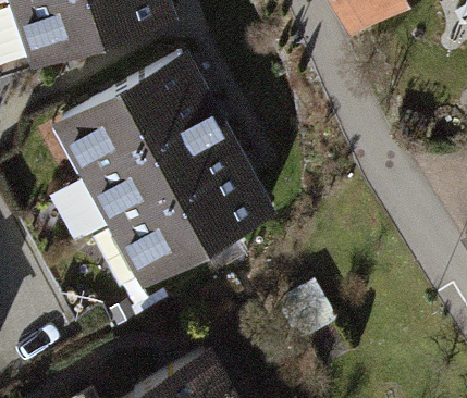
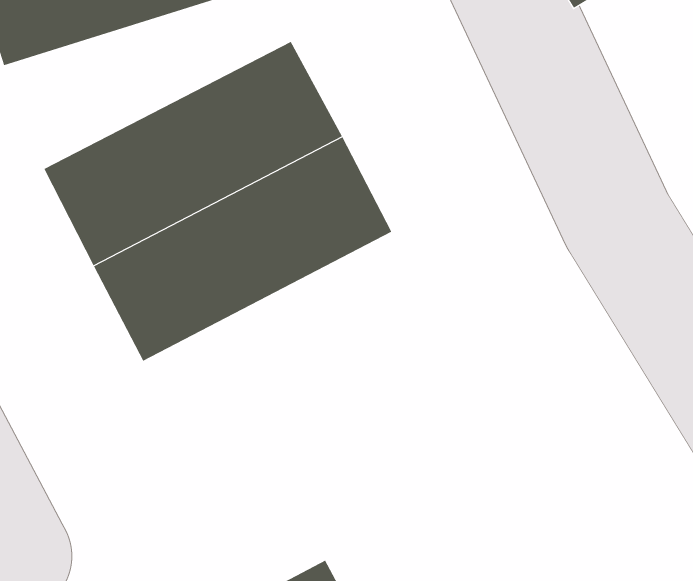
building: [108,161,279,289] -> none

